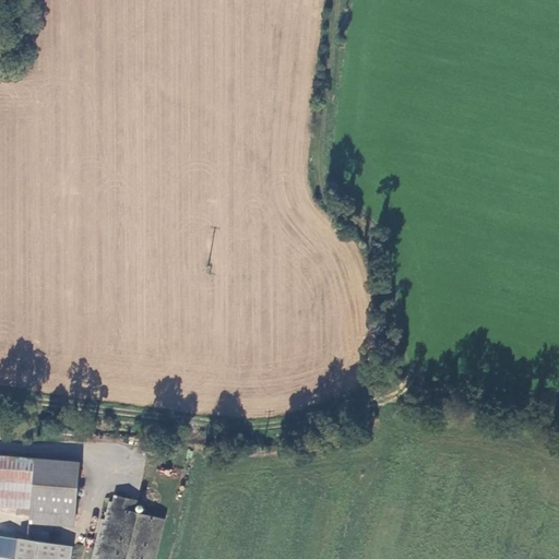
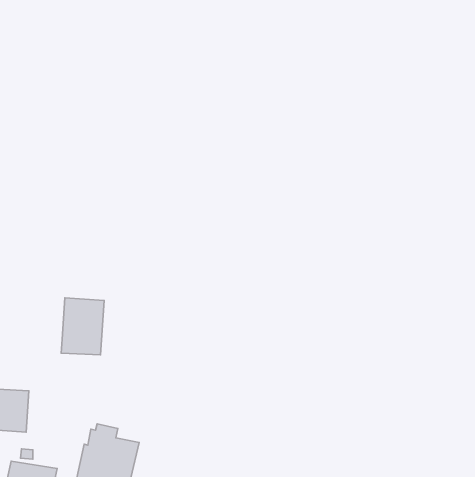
building: [29,457,80,524] -> [61,298,104,355]

